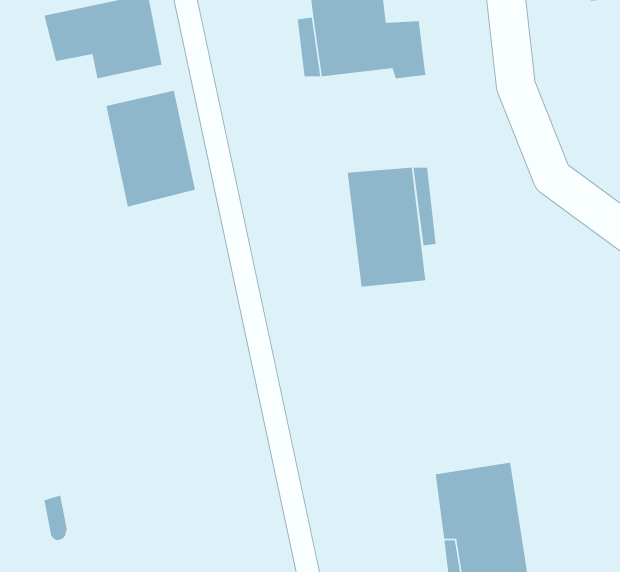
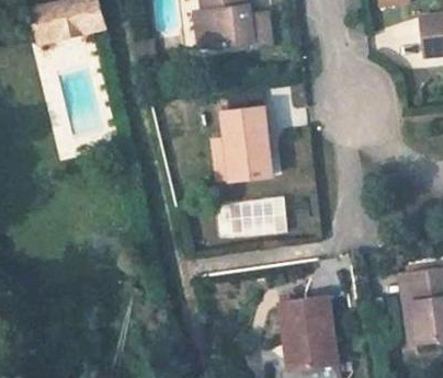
building: [105,90,196,207] -> none
building: none -> [214,195,284,231]

